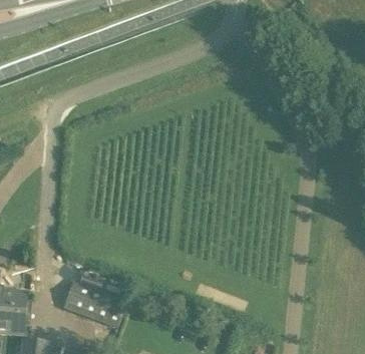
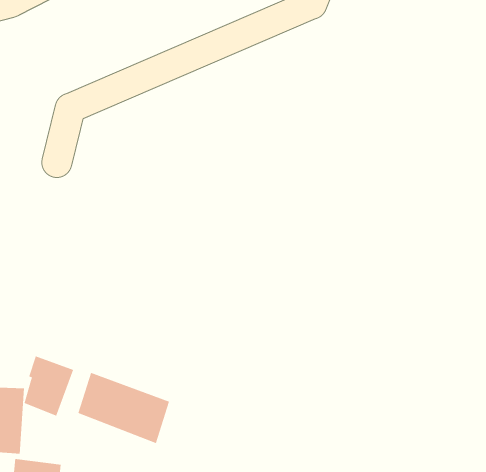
building: none -> [24,356,74,416]

